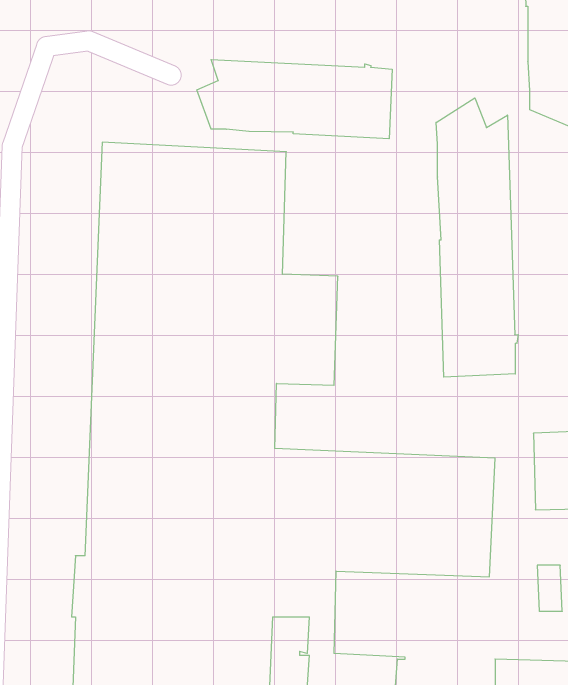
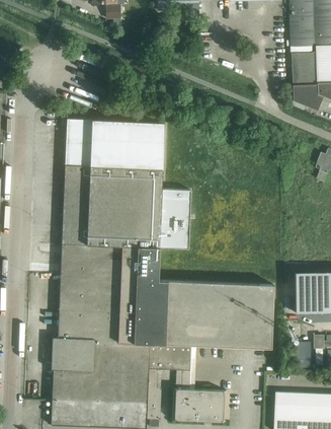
building: [197,60,392,139] -> none
building: [436,98,518,377] -> none

